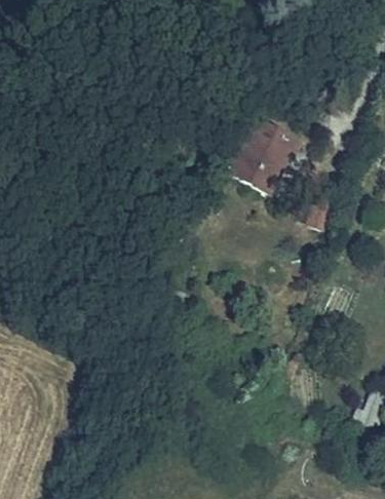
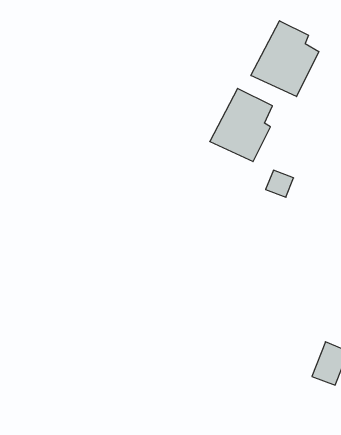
building: none -> [251,21,319,97]

